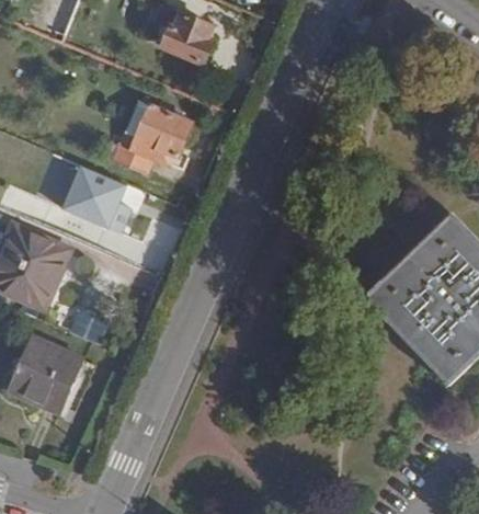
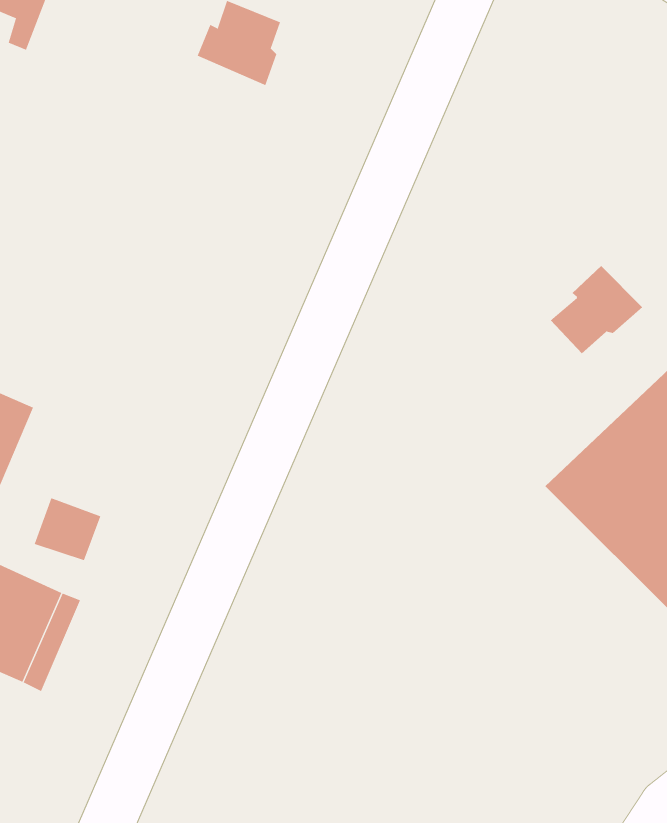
building: [112,100,191,174] -> none
building: [59,165,128,235] -> none
building: none -> [550,265,643,354]

